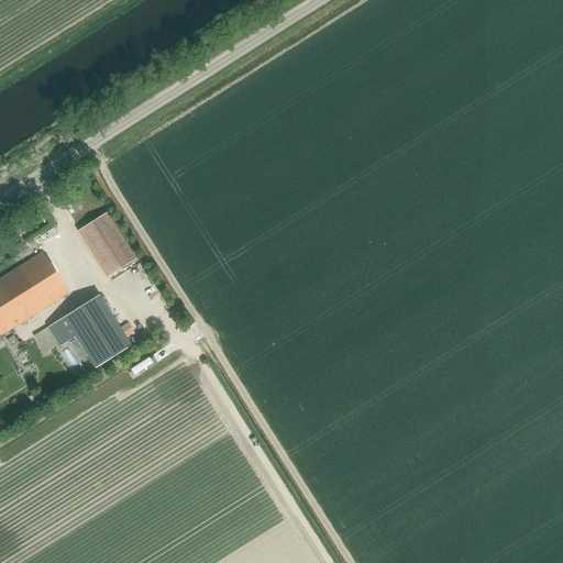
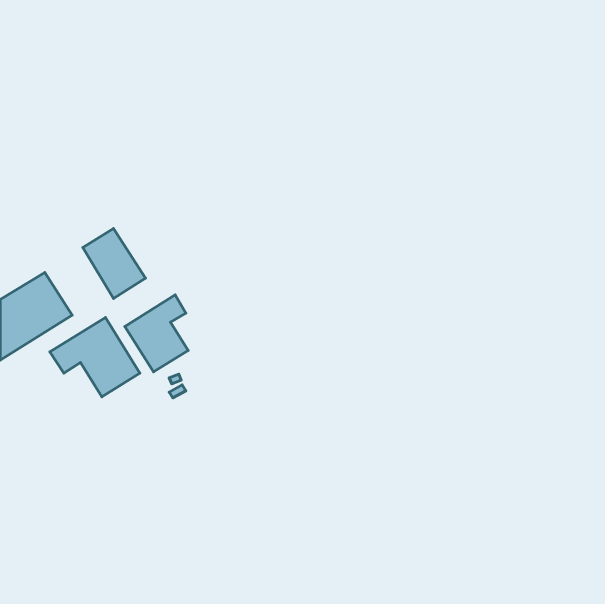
building: none -> [125,295,188,372]

